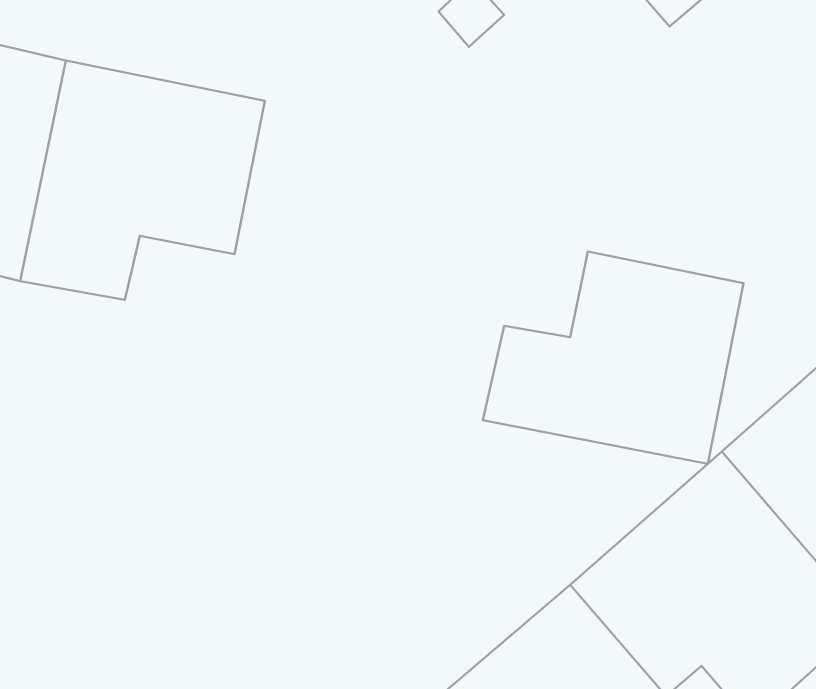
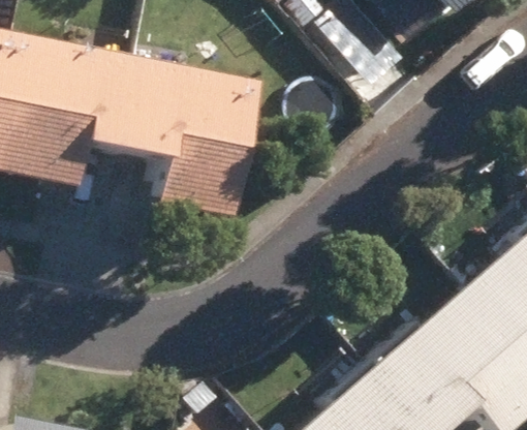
building: none -> [162,67,280,223]
building: [483,251,744,464] -> none

